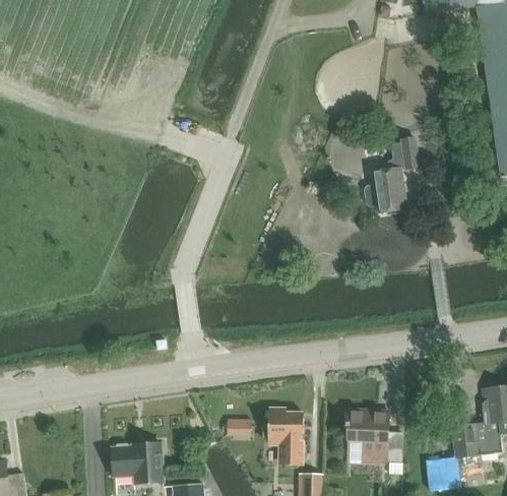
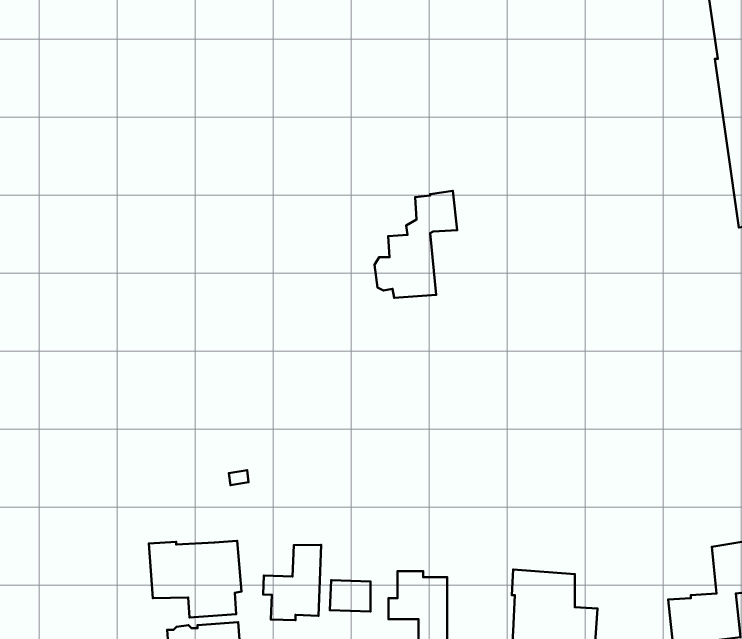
building: [365,139,421,211] -> [375,191,457,298]
building: none -> [149,541,241,617]
building: none -> [263,545,321,620]

